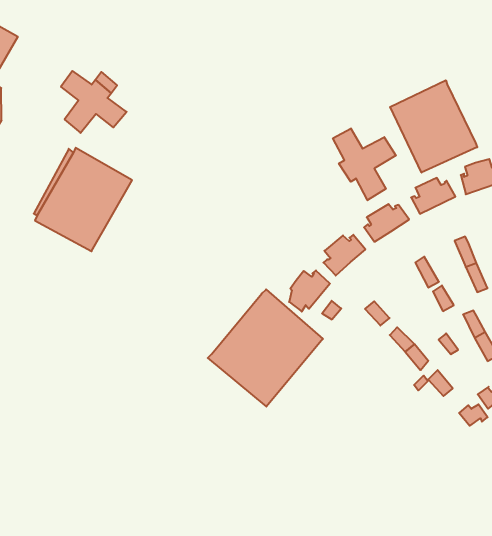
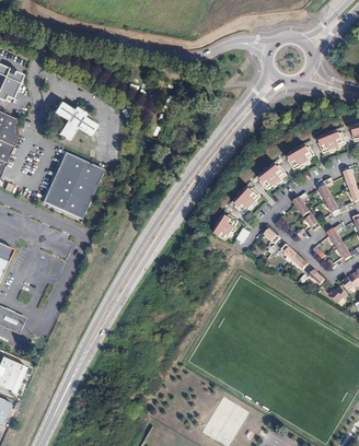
building: [390,80,477,173] -> none
building: [333,128,396,200] -> none
building: [208,289,323,407] -> none

